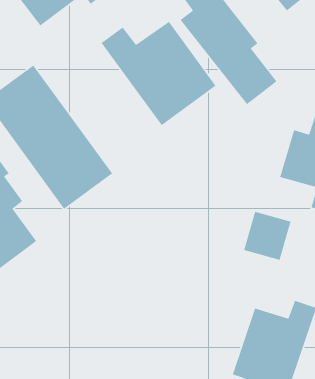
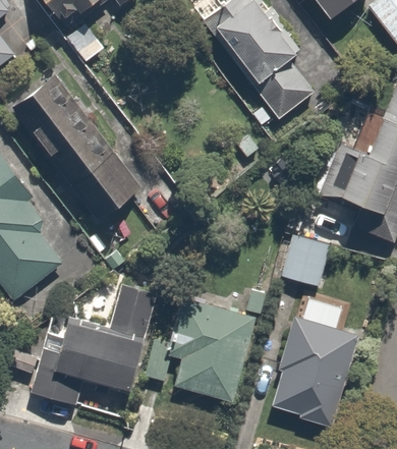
building: [101,21,216,126] -> none
building: none -> [30,281,158,404]
building: none -> [164,296,256,404]

